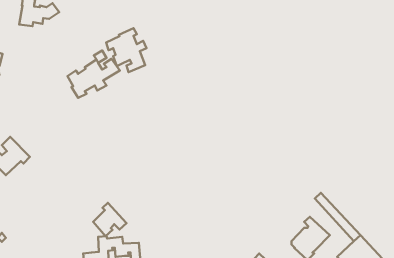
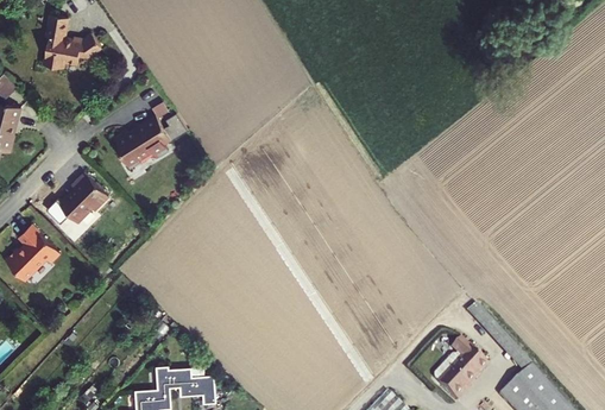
building: [106,28,147,72] -> none
building: none -> [58,171,107,222]
building: [93,203,127,236] -> none

